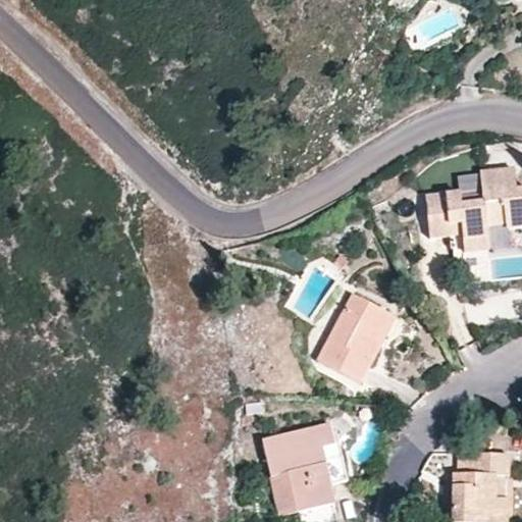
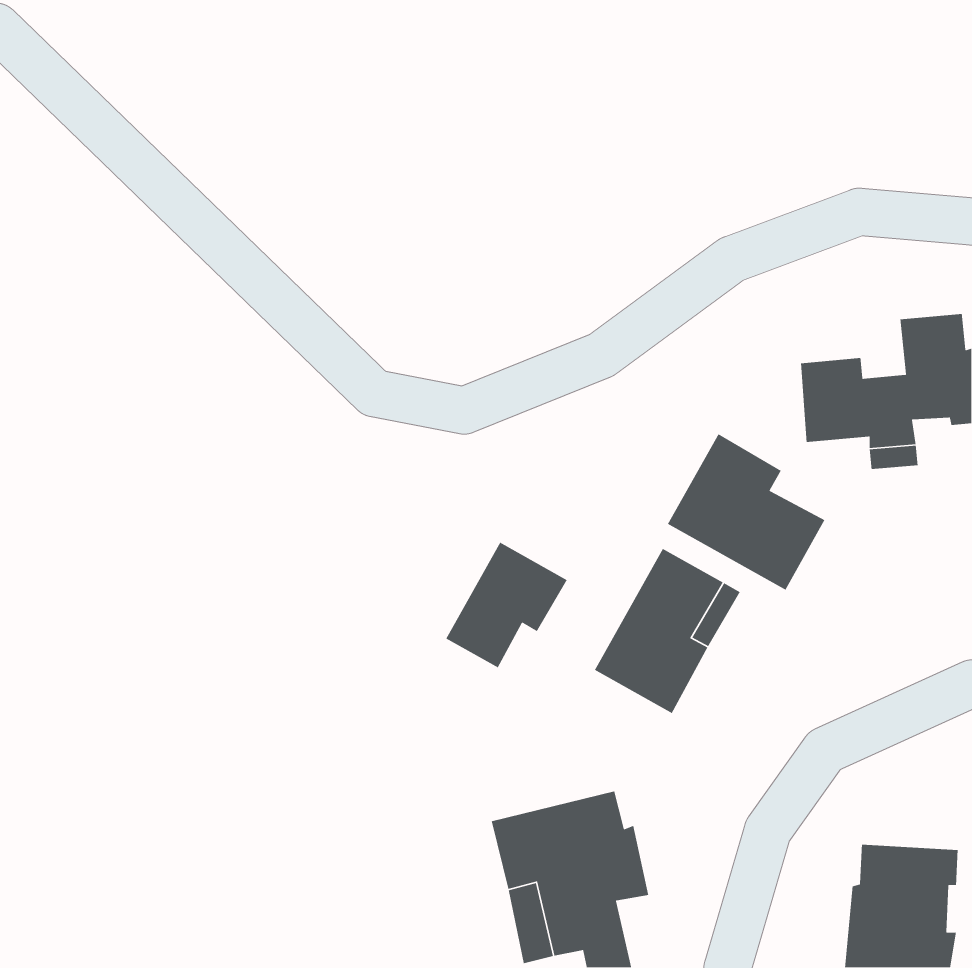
building: none -> [667,433,826,591]
building: none -> [445,542,568,669]

